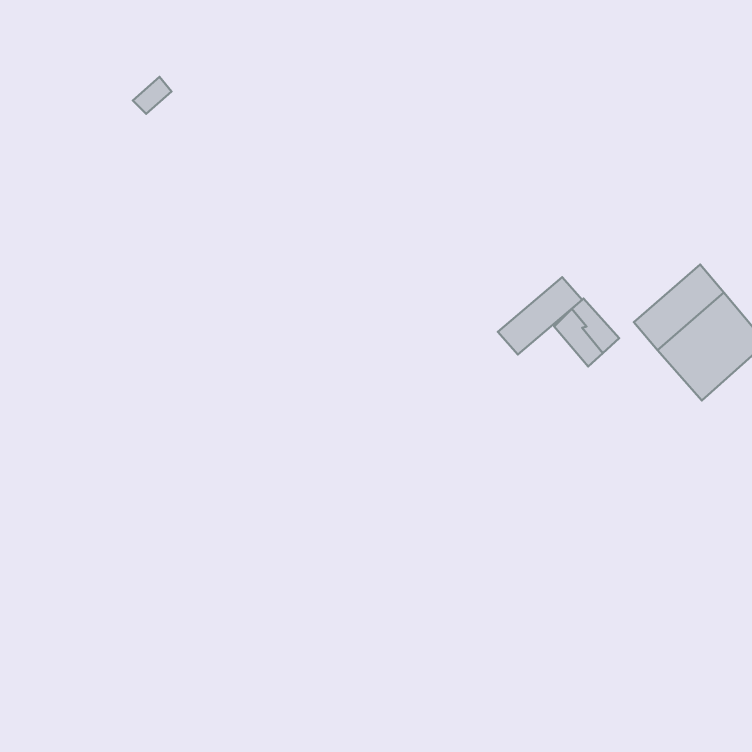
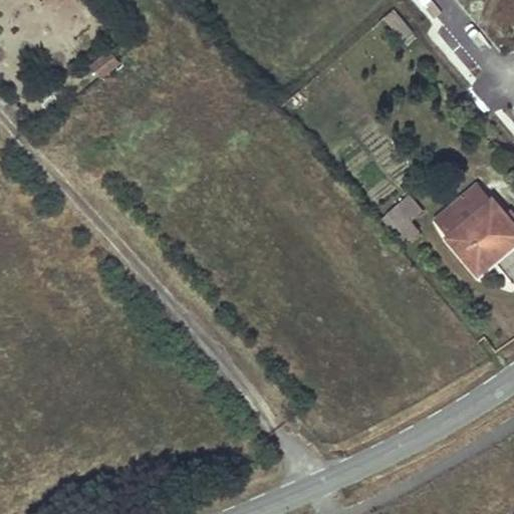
building: [498,277,582,354] -> none

